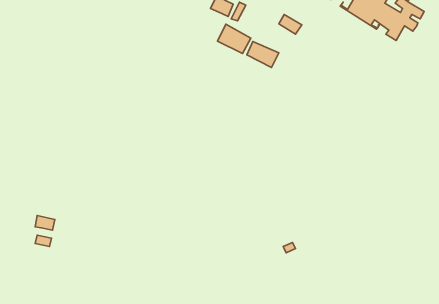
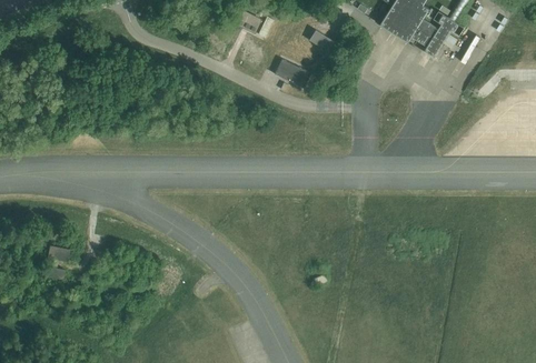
building: [218,24,251,54] -> none

